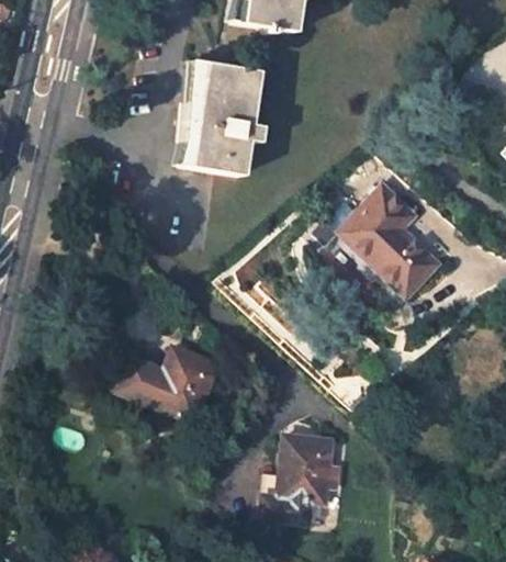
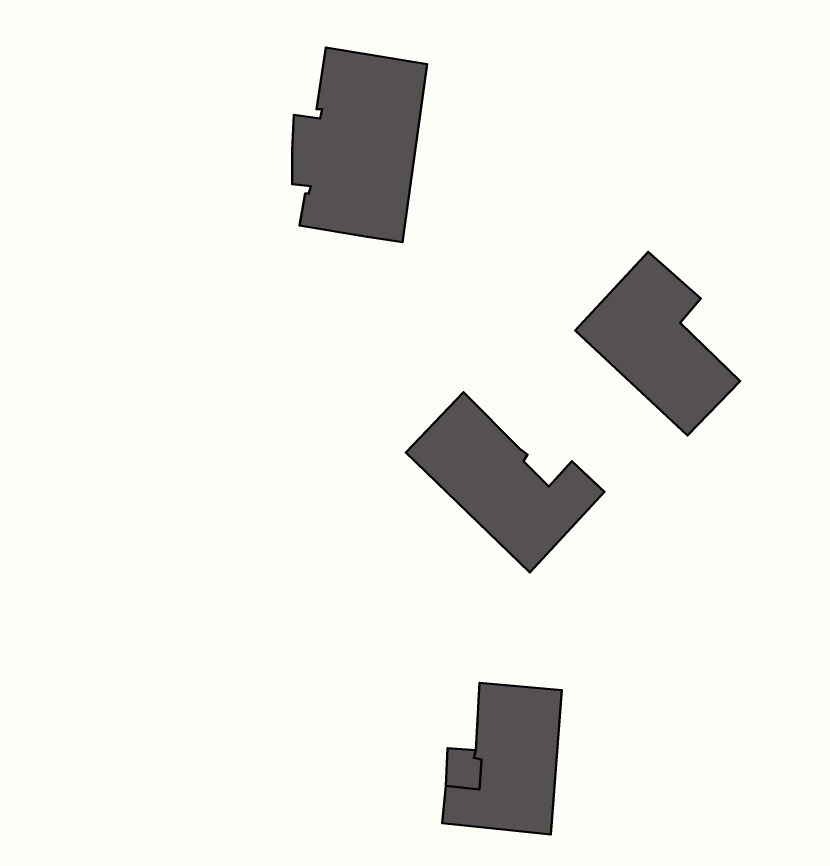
building: none -> [406,392,604,572]
building: [120,347,218,422] -> none

